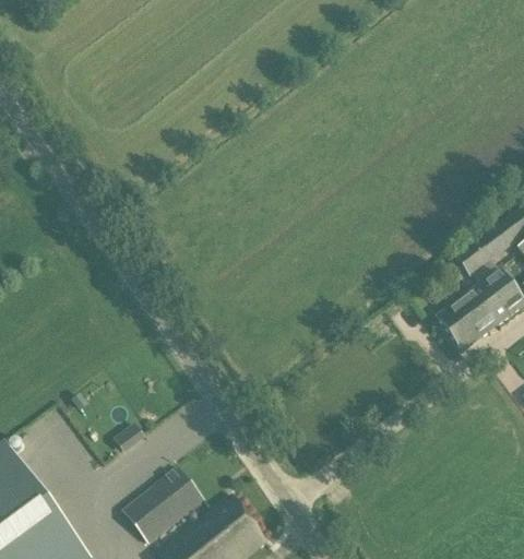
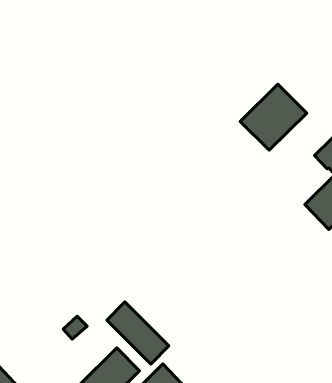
building: none -> [240,84,307,150]
building: none -> [107,302,169,364]

